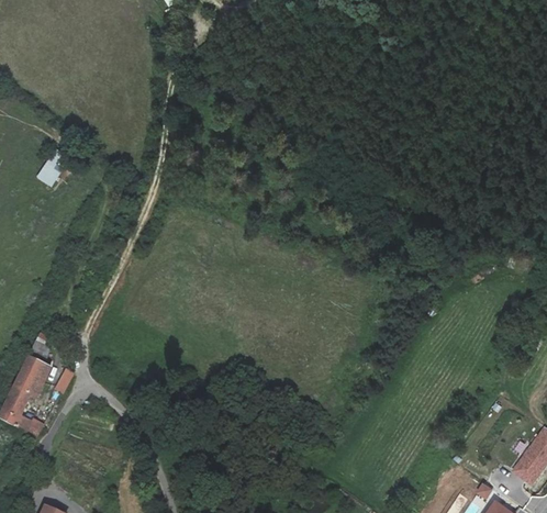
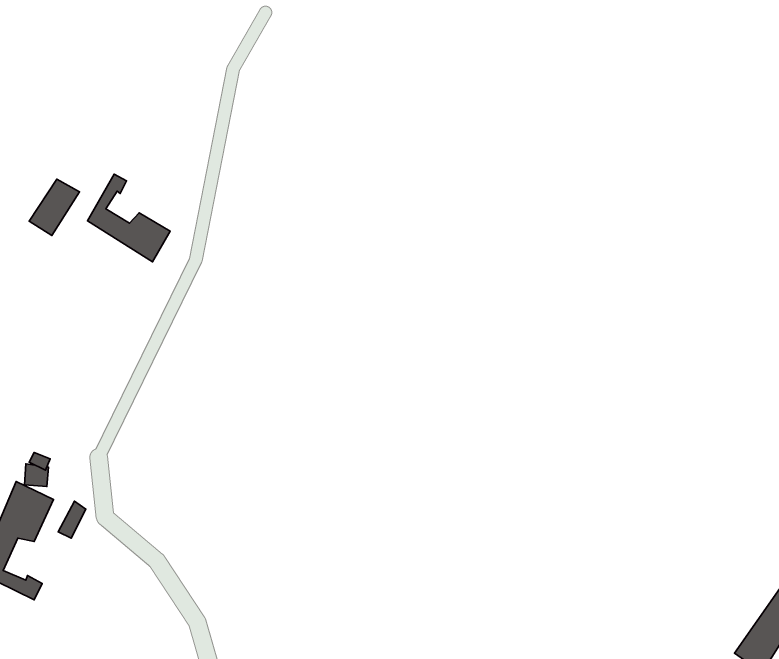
building: none -> [88,174,170,262]

